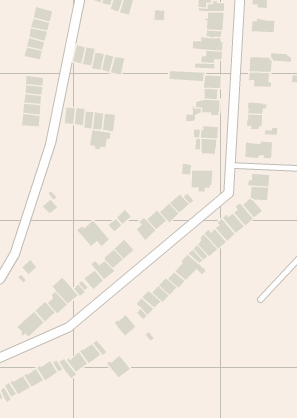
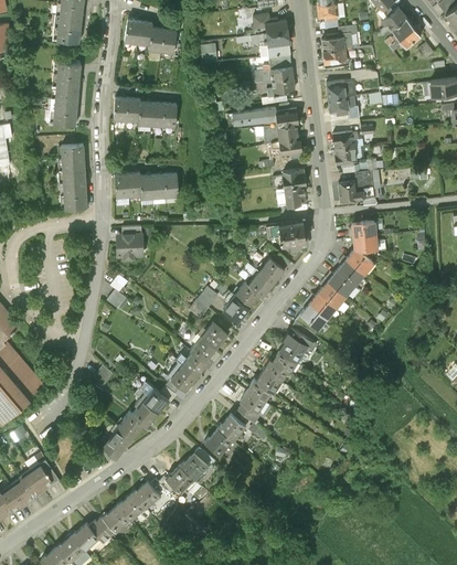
building: none -> [322,46,352,67]
building: [89,129,112,150] -> [117,235,141,258]
building: [76,220,110,247] -> none
building: [106,355,131,379] -> [201,427,232,456]

